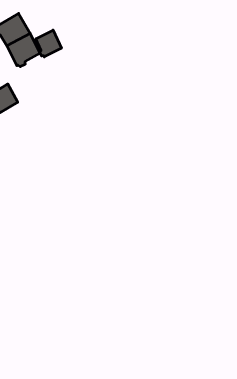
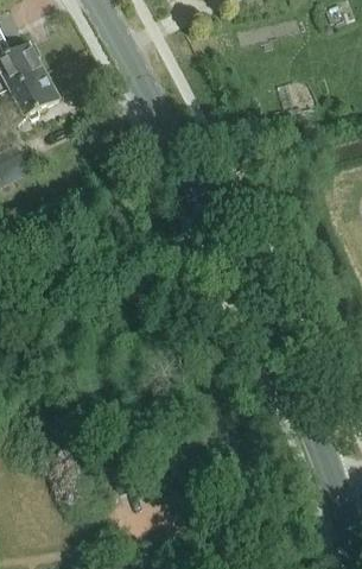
building: [36,30,61,57] -> none

